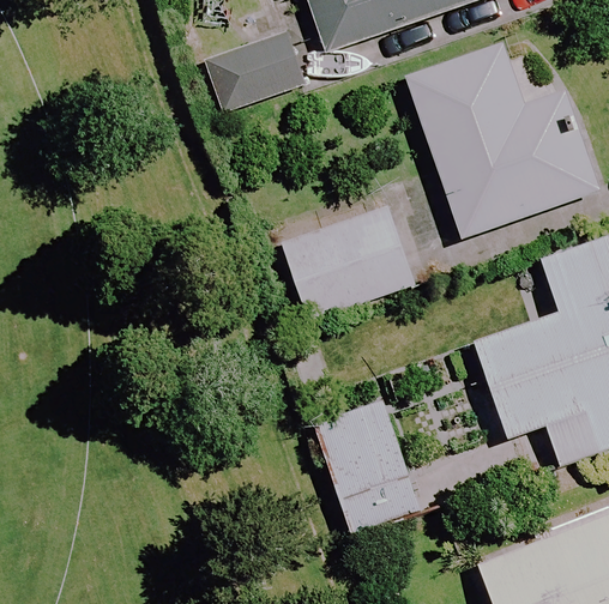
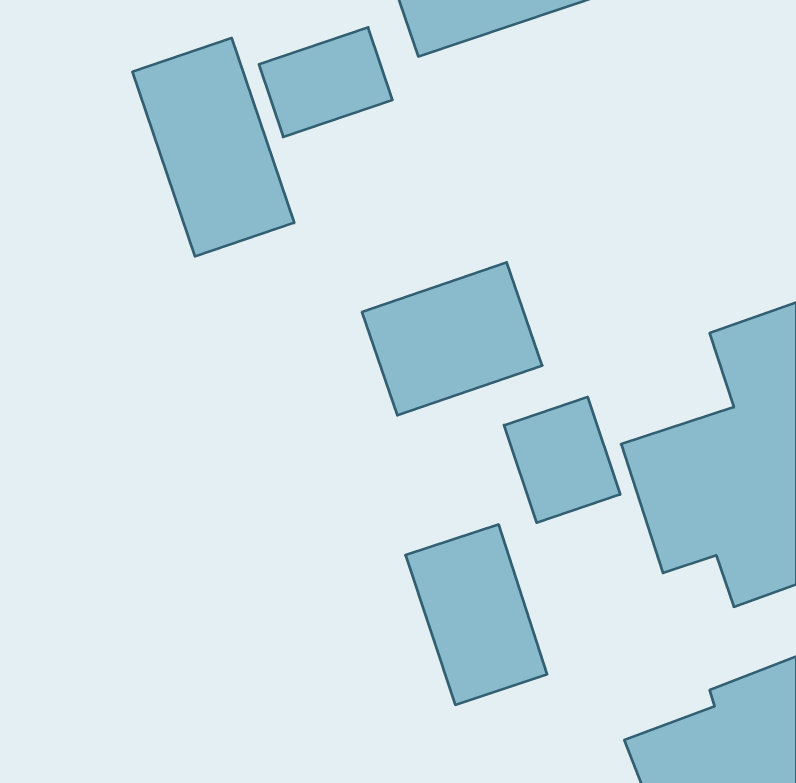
building: none -> [133,38,294,256]
building: [408,47,597,237] -> none
building: none -> [504,397,620,523]

